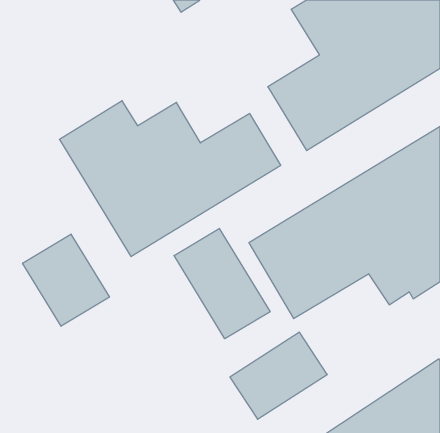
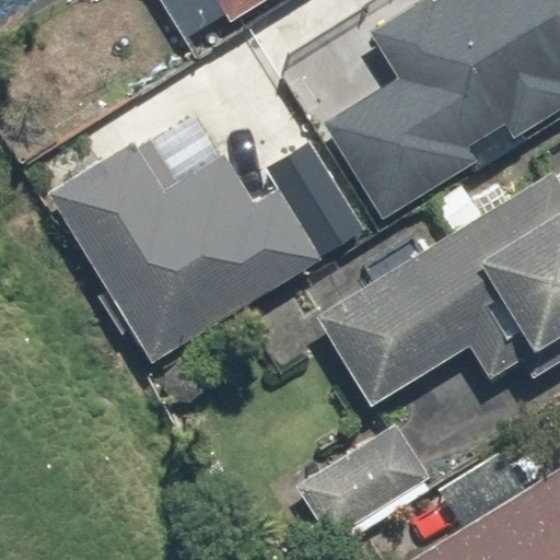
building: [174,228,270,339] -> none
building: [23,234,109,326] -> none

